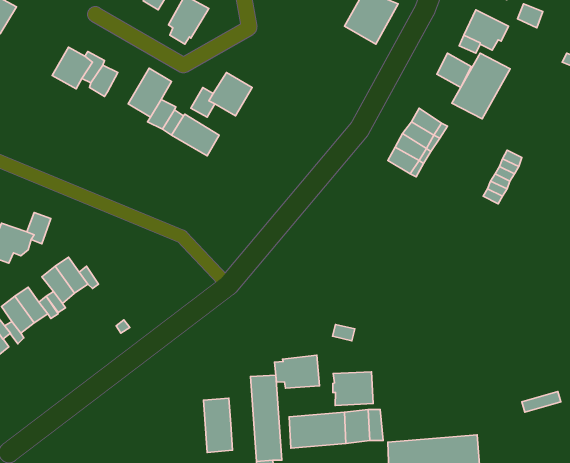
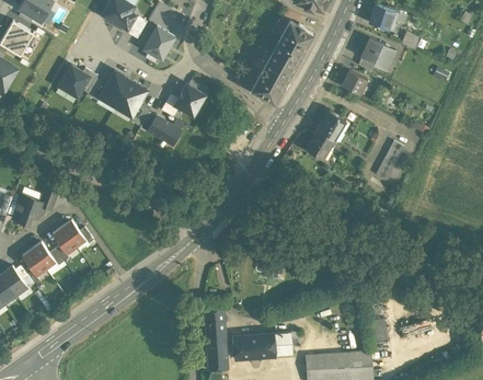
building: none -> [252,49,297,102]
building: [452,53,510,119] -> none
building: none -> [100,70,130,106]
building: [275,355,319,388] -> none
building: [333,372,373,405] -> none
building: [204,398,233,452] -> none

